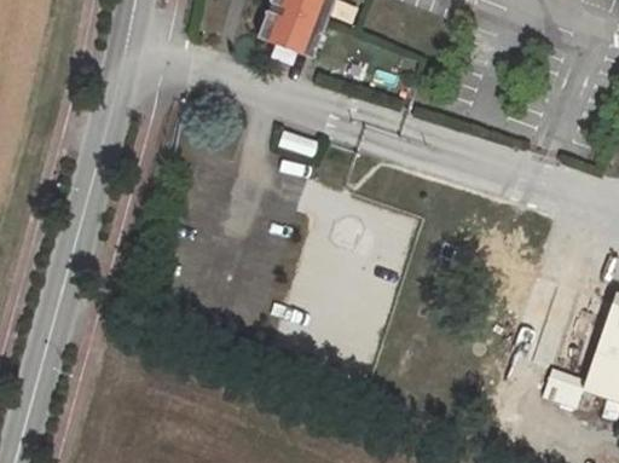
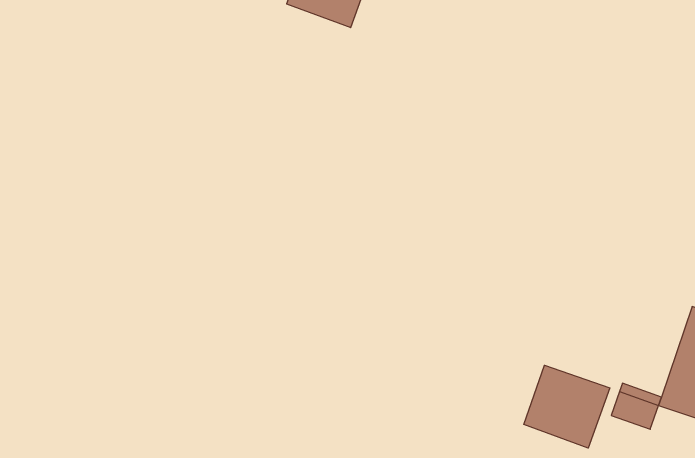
building: none -> [524,365,610,448]

